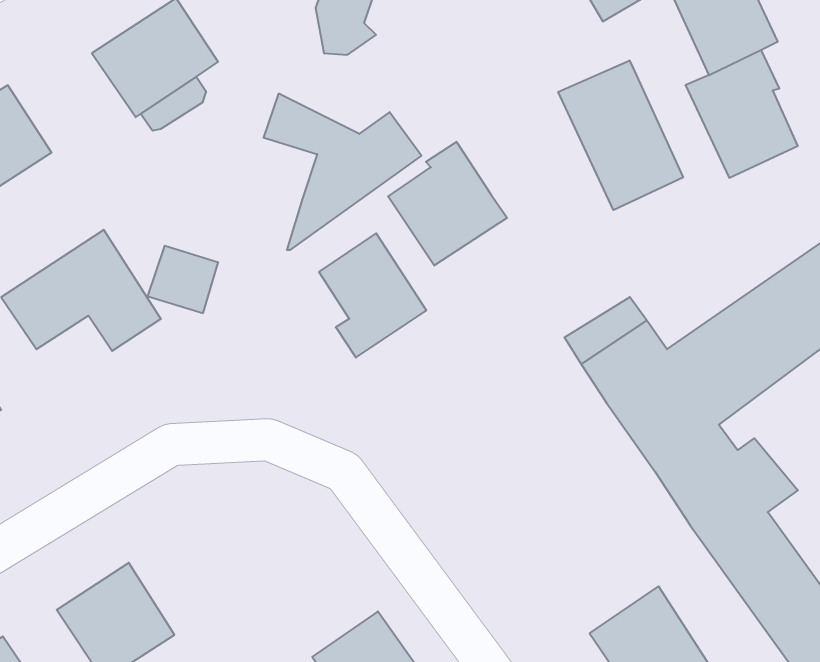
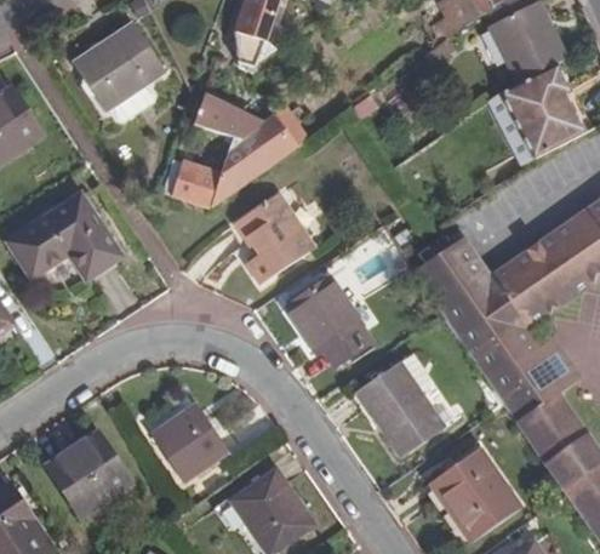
building: [558,60,683,210] -> none
building: [388,142,507,266] -> none
building: [148,246,218,313] -> [172,156,223,205]
building: none -> [285,279,372,365]
building: none -> [360,349,446,453]
building: none -> [153,402,227,479]

